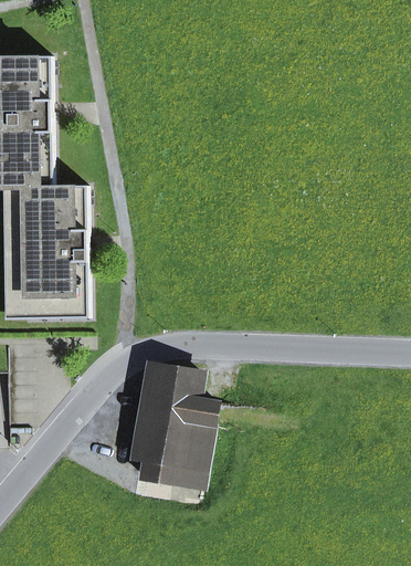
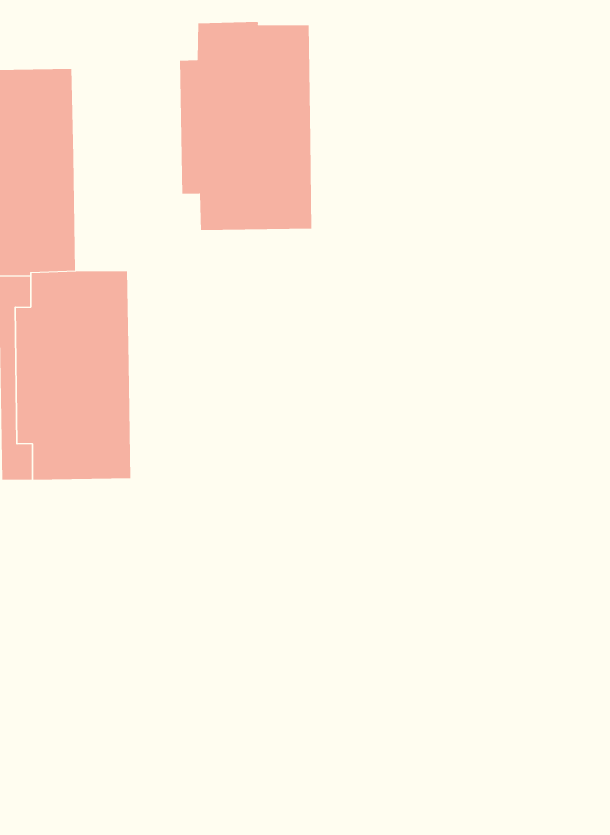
building: none -> [179,21,312,231]
building: [137,365,214,484] -> none

